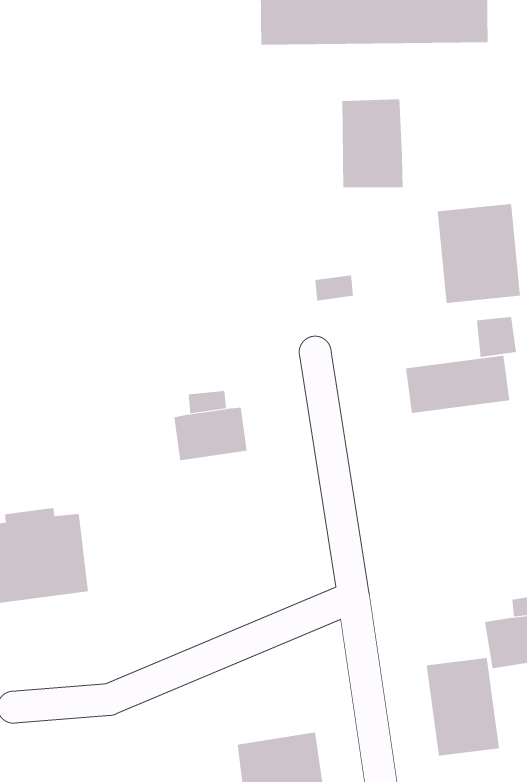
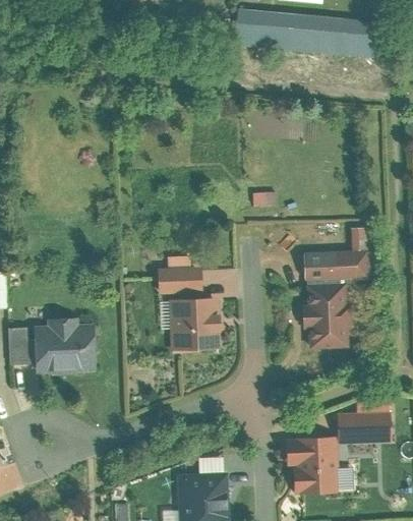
building: [342,99,403,188] -> none
building: [437,203,520,304] -> none
building: none -> [302,283,353,349]
building: none -> [169,298,221,351]

